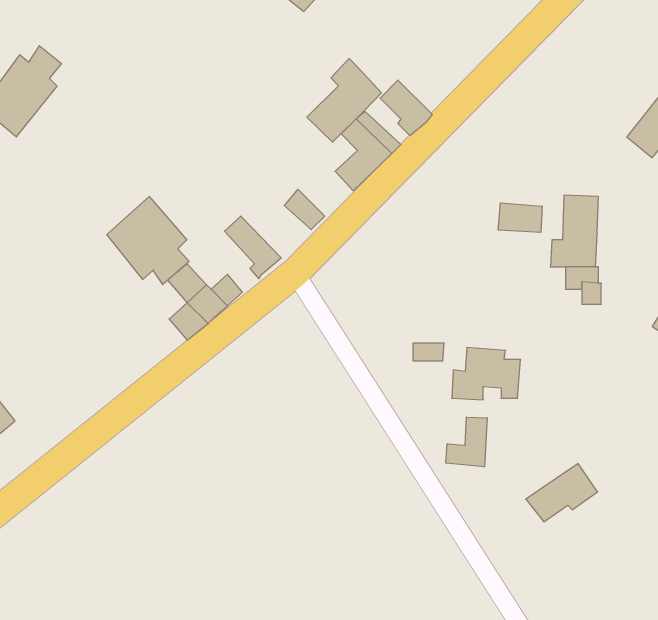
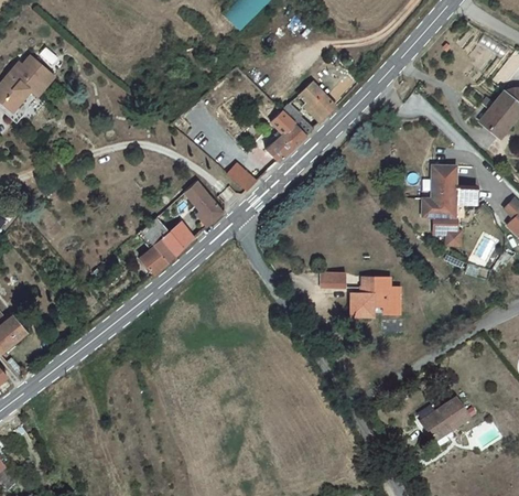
building: [307,59,381,142] -> none
building: [107,196,189,285] -> none
building: [498,203,542,232] -> none
building: [446,417,487,467] -> none
building: [526,463,598,522] -> [419,396,472,439]

